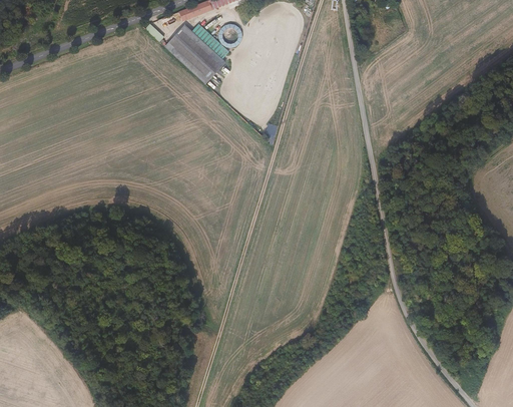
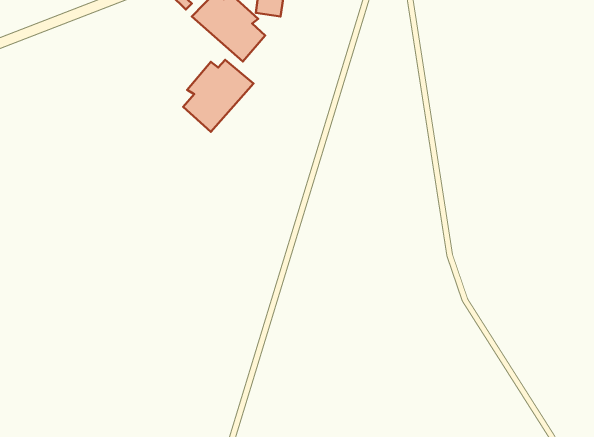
building: none -> [183,60,254,132]

